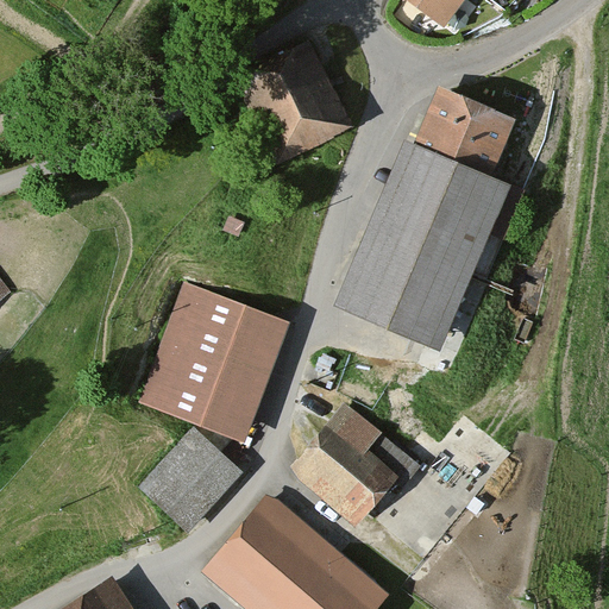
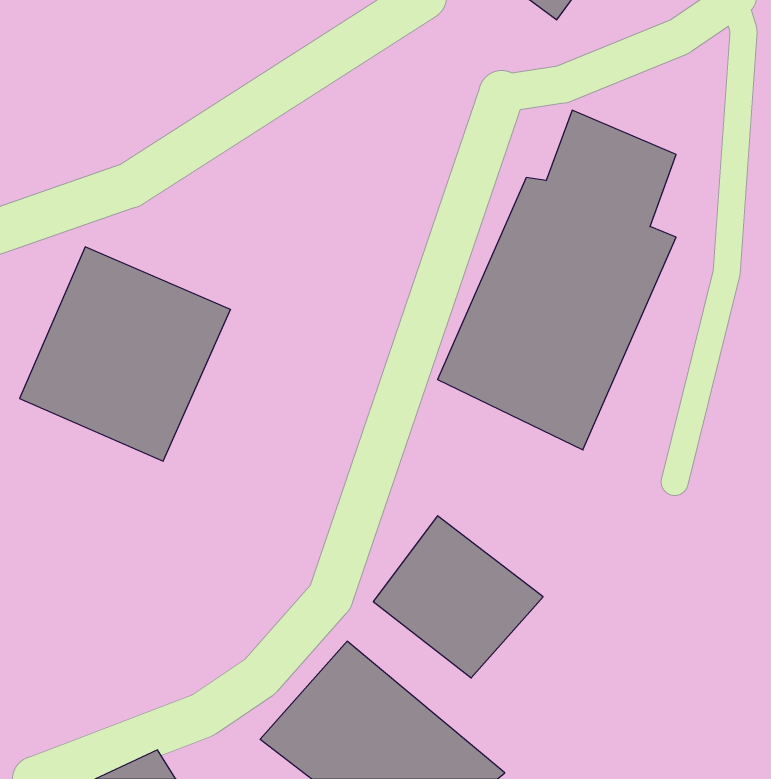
building: [227,39,344,169] -> none
building: [126,281,290,447] -> [20,247,231,461]
building: [128,428,228,529] -> none

